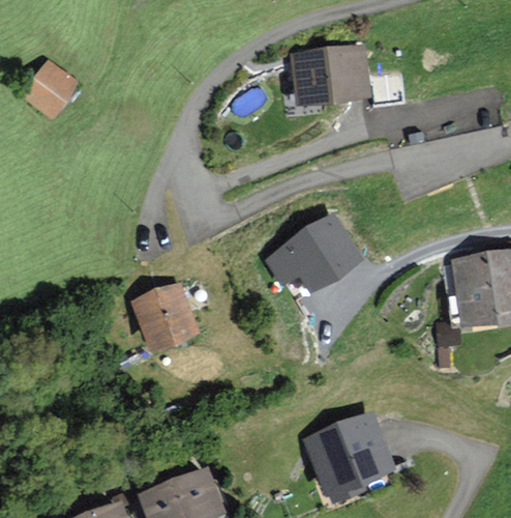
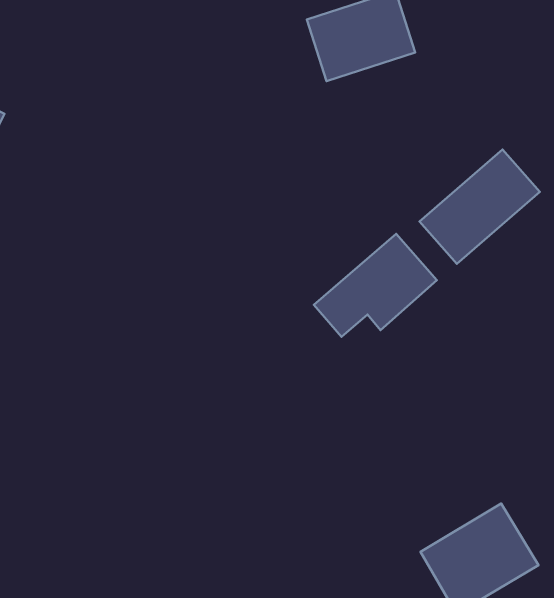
building: none -> [420,150,540,264]
building: [139,286,194,347] -> none

